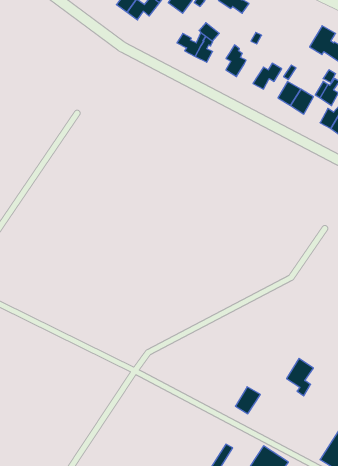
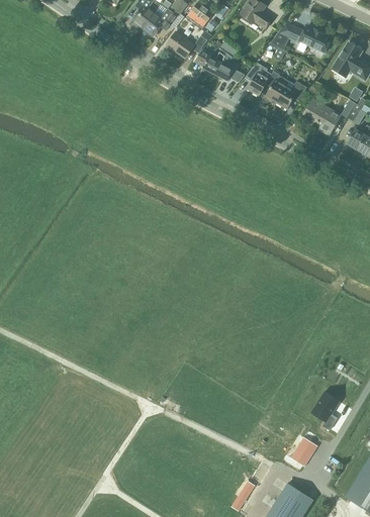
building: none -> [289,26,331,51]
building: none -> [167,32,207,59]
building: none -> [266,71,289,102]
building: [235,387,260,414] -> [291,437,317,466]

